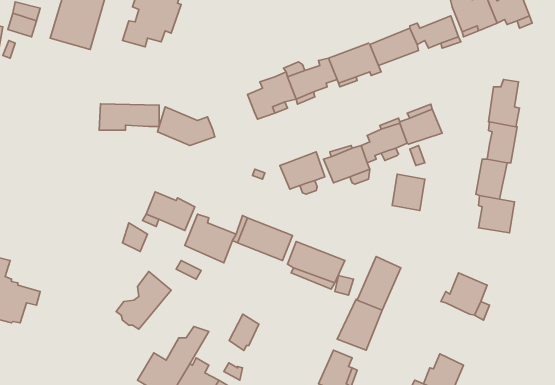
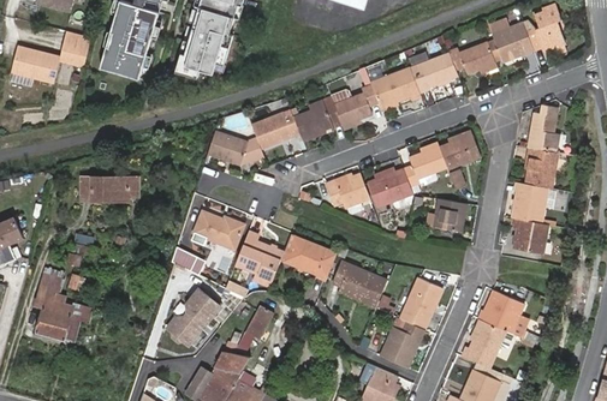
building: none -> [249,113,299,152]
building: [99,104,159,130] -> [78,176,136,202]
building: none -> [463,319,506,367]
building: [229,314,259,350] -> [245,307,274,342]

